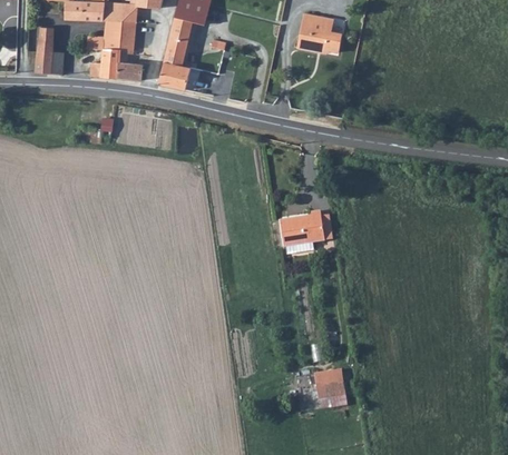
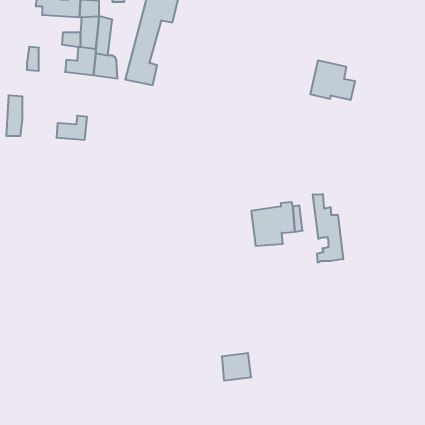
building: [294,14,340,55] -> [310,60,355,100]
building: [38,26,55,67] -> [6,95,23,136]
building: none -> [313,194,343,263]
building: [310,368,340,396] -> [222,353,251,380]

